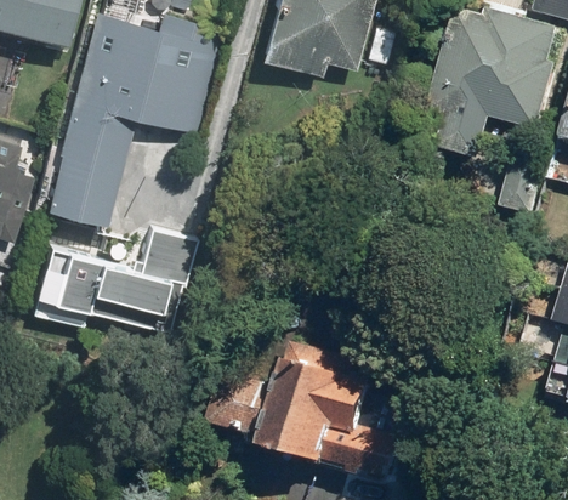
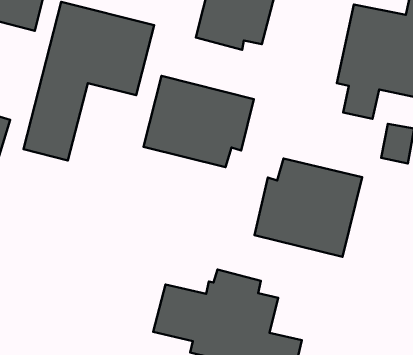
building: none -> [143,76,254,167]
building: none -> [254,159,362,257]
building: [41,229,203,335] -> none

